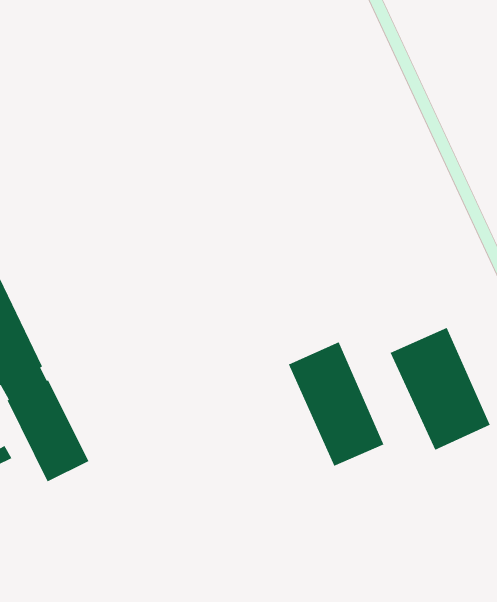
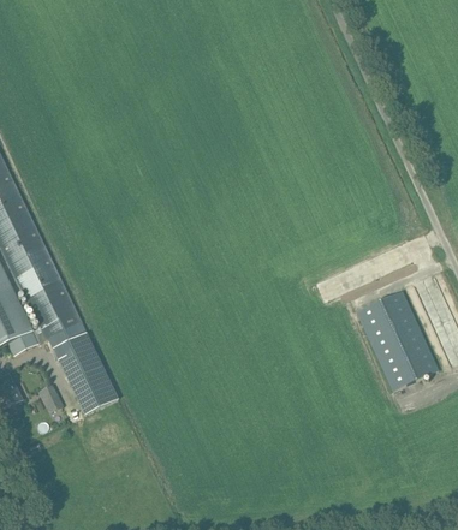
building: [288,341,384,467] -> none

